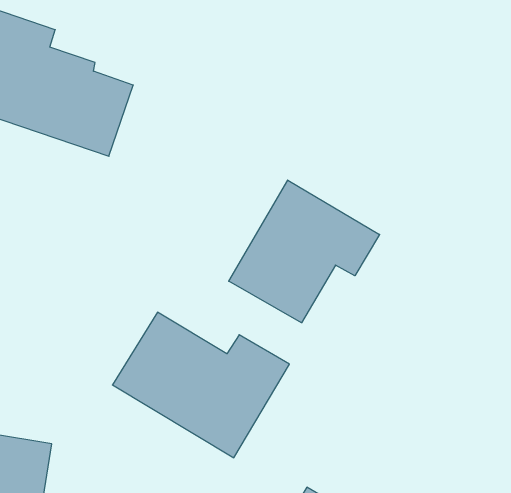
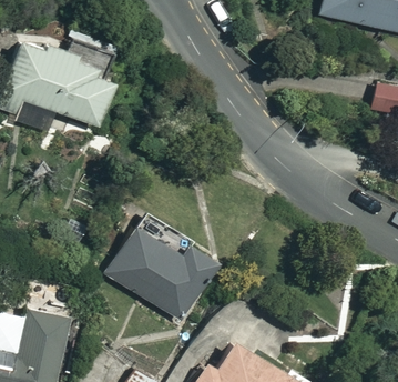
building: [229,180,380,323] -> none

